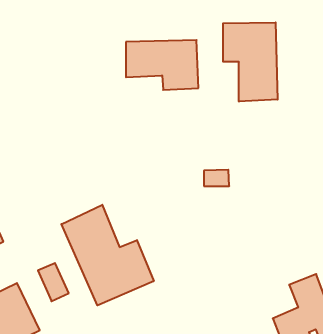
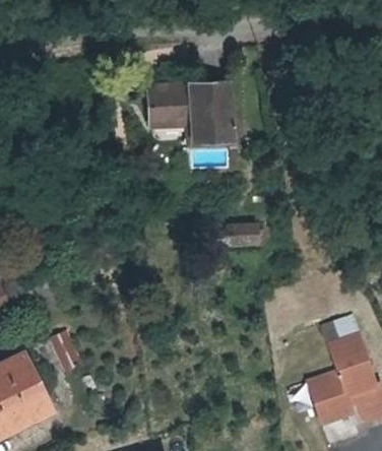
building: [223,22,278,102] -> none
building: [61,205,154,305] -> none

